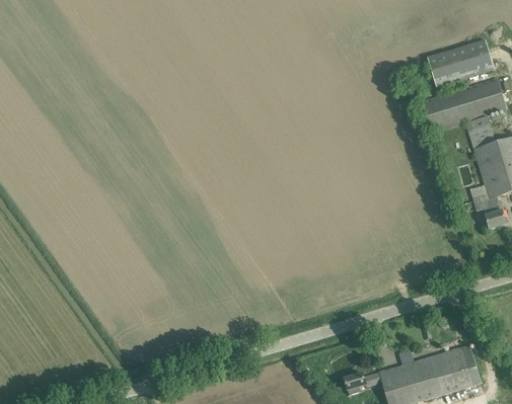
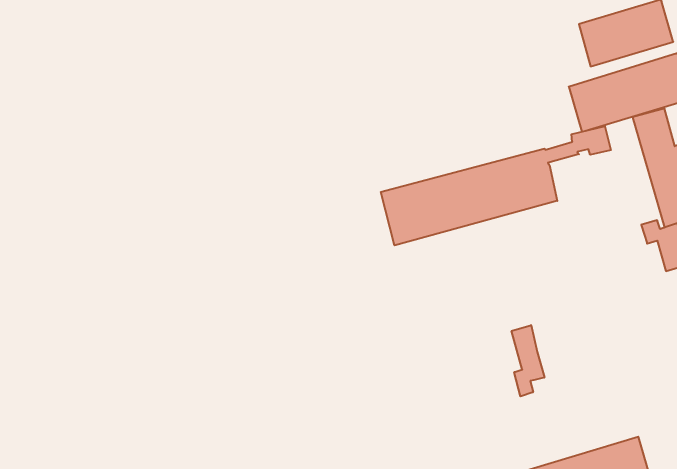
building: none -> [381,126,611,245]
building: none -> [512,325,544,396]

